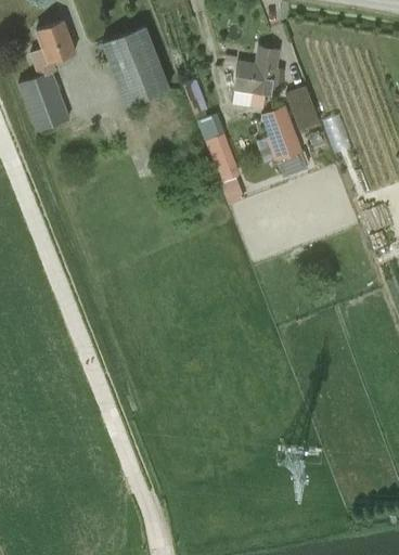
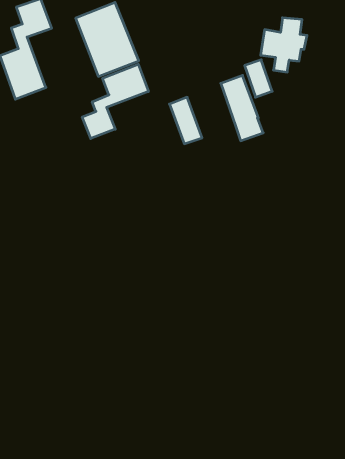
building: [233,49,284,108] -> [261,18,307,72]
building: none -> [82,64,148,139]

